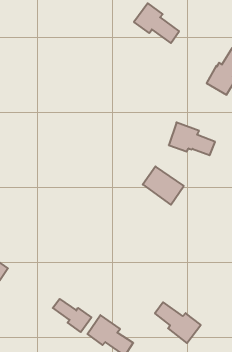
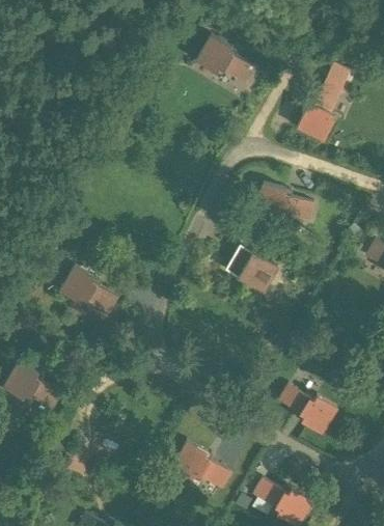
building: none -> [60,265,119,312]
building: [53,299,91,332] -> none
building: [155,302,201,343] -> [278,386,338,436]

